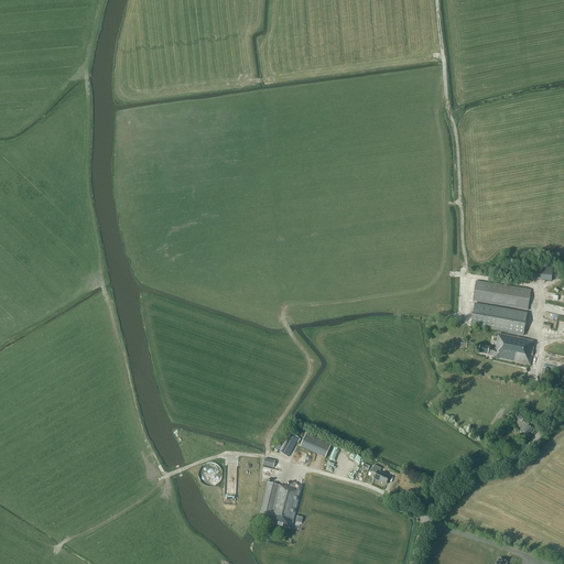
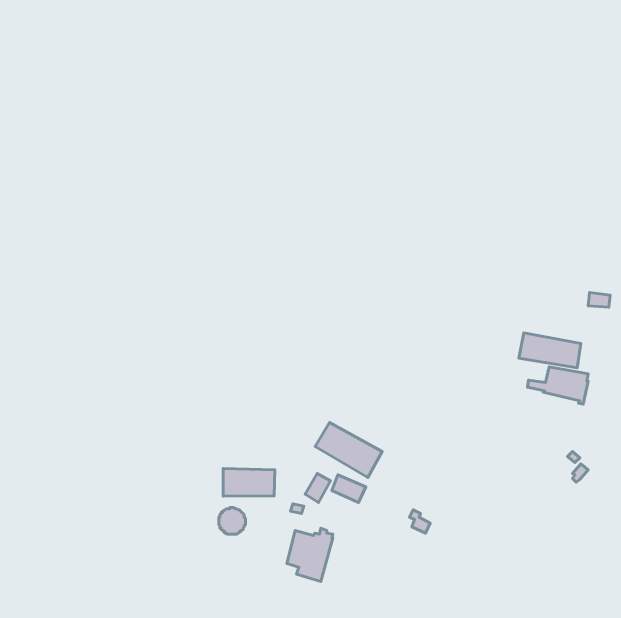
building: [473,280,531,308] -> none
building: none -> [315,423,382,477]
building: none -> [223,469,275,496]

